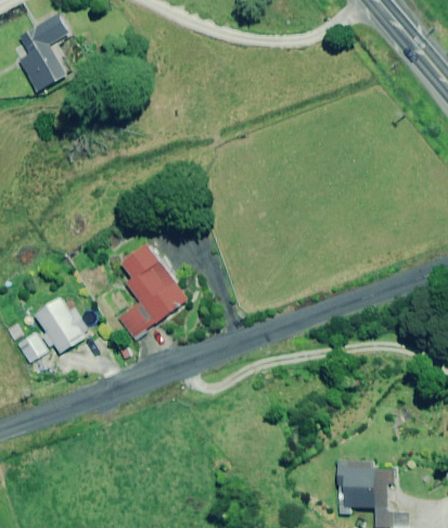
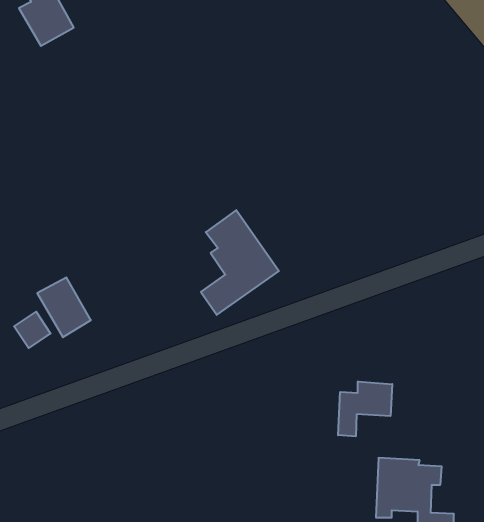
building: [118,244,188,338] -> [201,210,279,315]
building: none -> [338,381,392,436]

